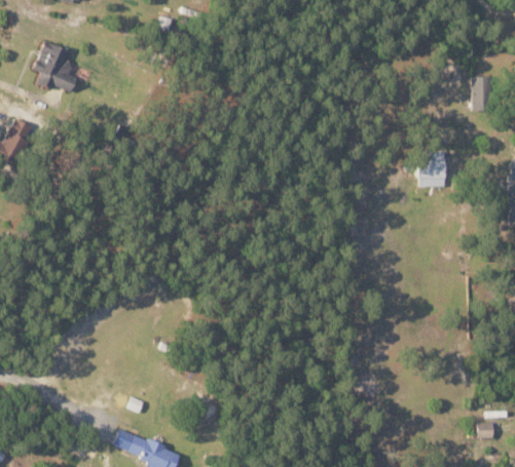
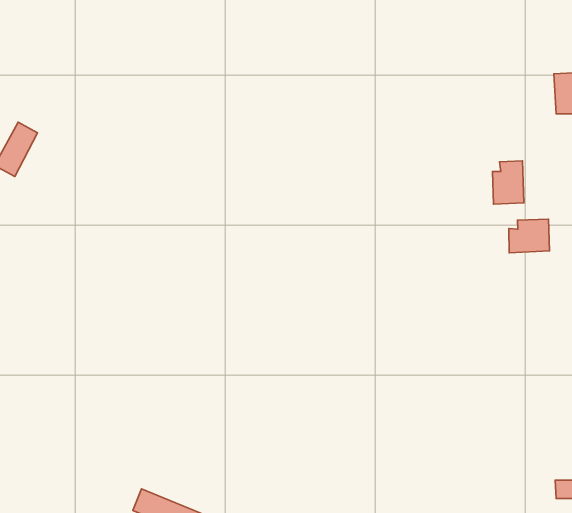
building: [35,40,77,90] -> none
building: none -> [509,219,550,253]

